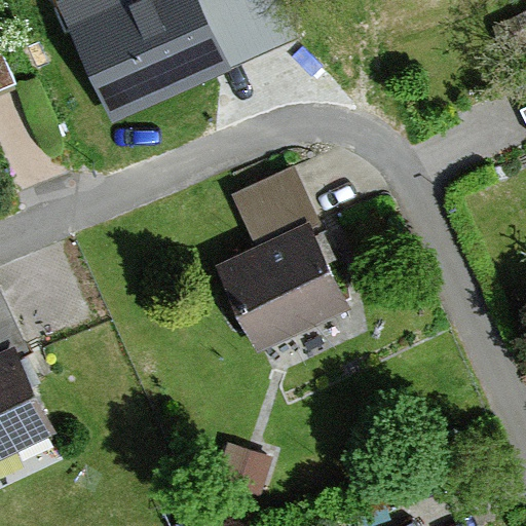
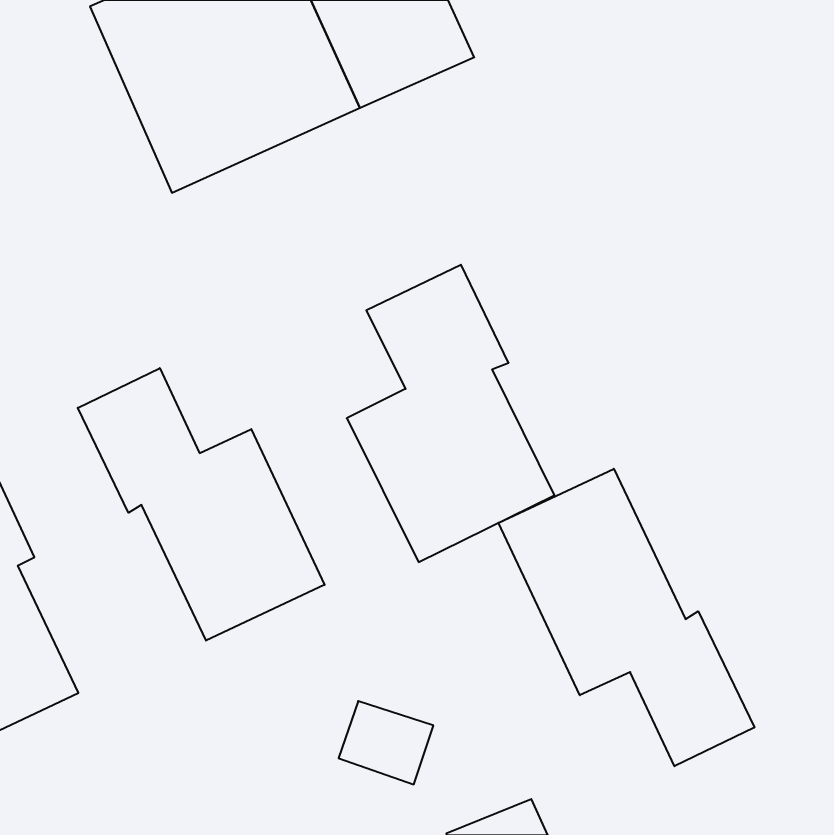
building: none -> [78,368,325,641]
building: none -> [498,469,754,766]

